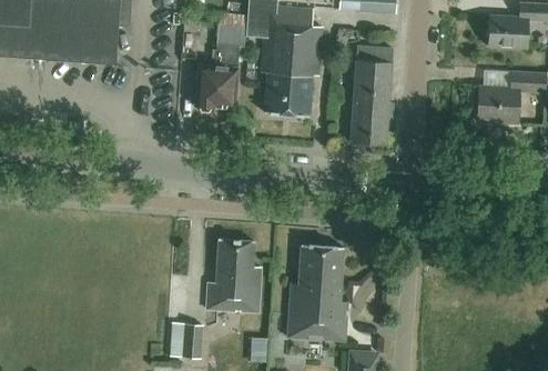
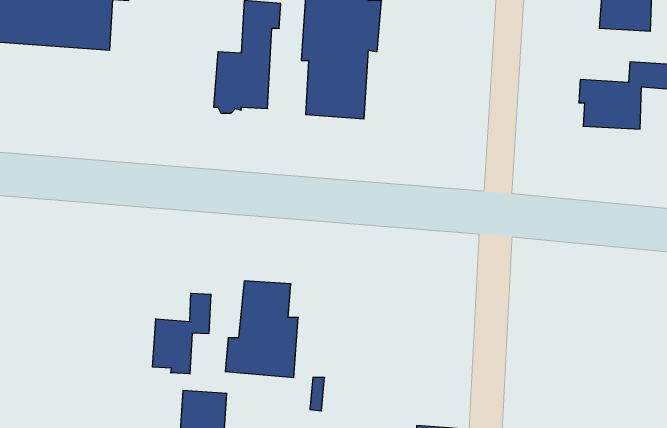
building: [349,46,393,144] -> none
building: [287,244,347,340] -> none
building: none -> [153,293,211,374]

